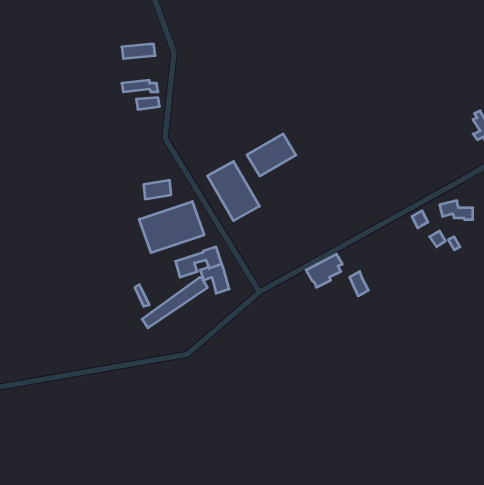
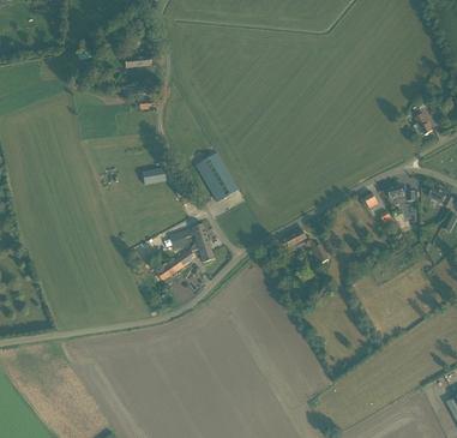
building: [247,134,296,176] -> none
building: [139,201,204,253] -> none

